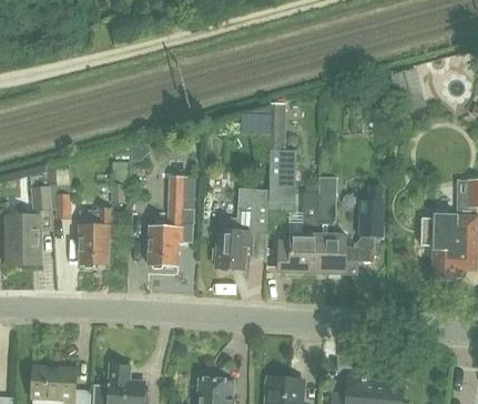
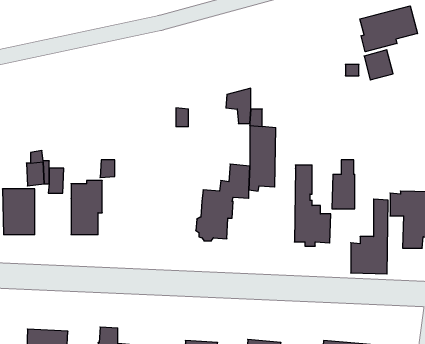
building: none -> [360,6,417,52]
building: [148,175,193,265] -> none
building: [278,192,318,272] -> [351,199,388,274]

